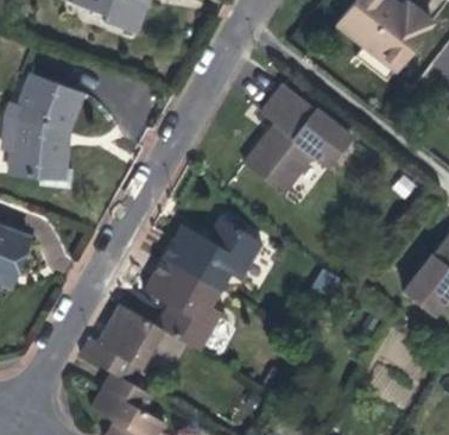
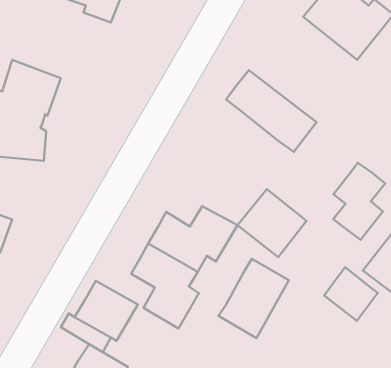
building: [240,124,312,195] -> [237,189,306,257]
building: none -> [333,163,385,240]
building: none -> [219,259,289,338]
building: none -> [324,267,378,321]

